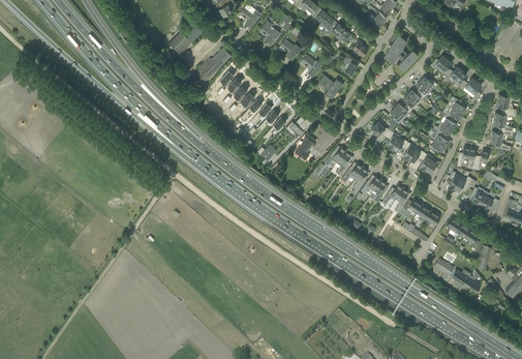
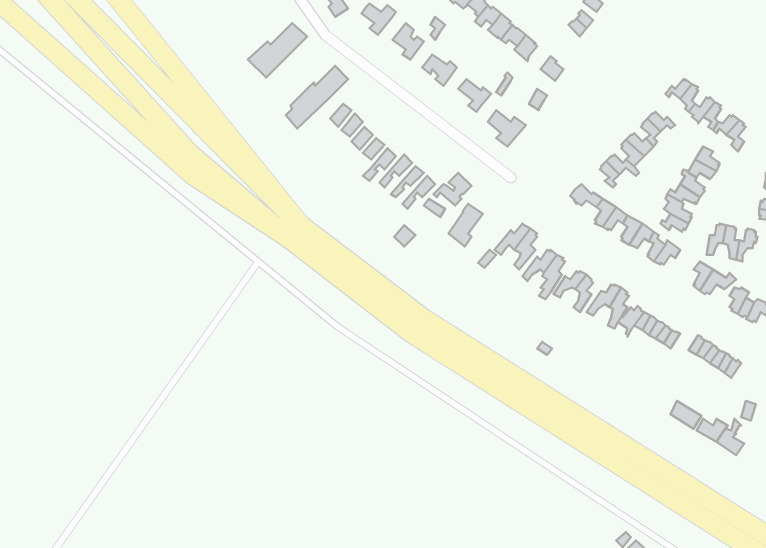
building: [383,34,417,67] -> none

